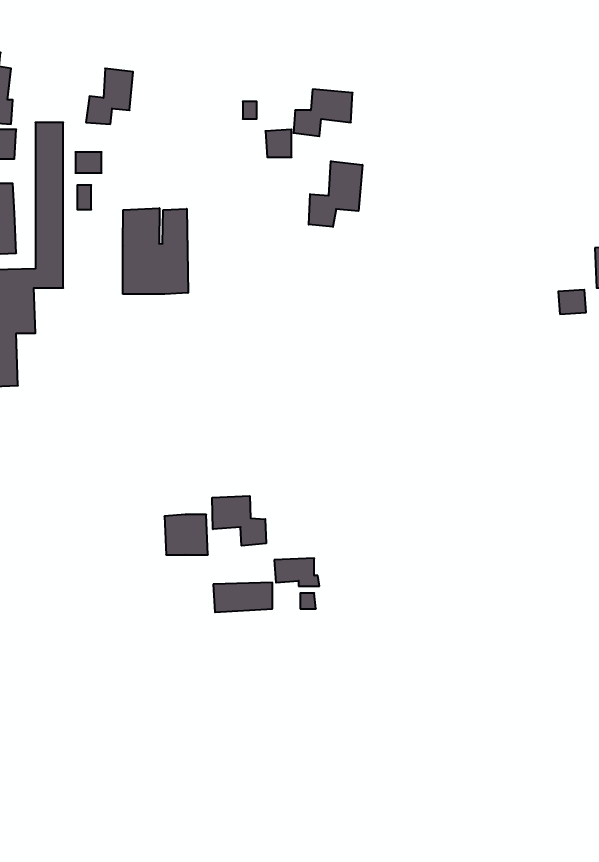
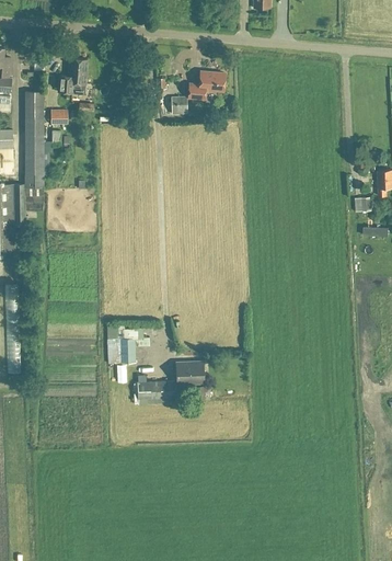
building: [309,161,362,227] -> none
building: [123,208,188,294] -> none
building: [212,496,266,546] -> none

